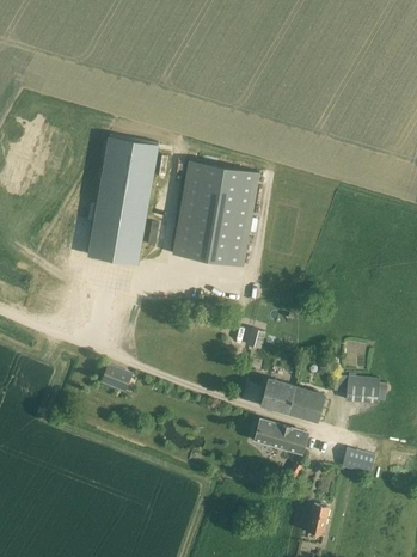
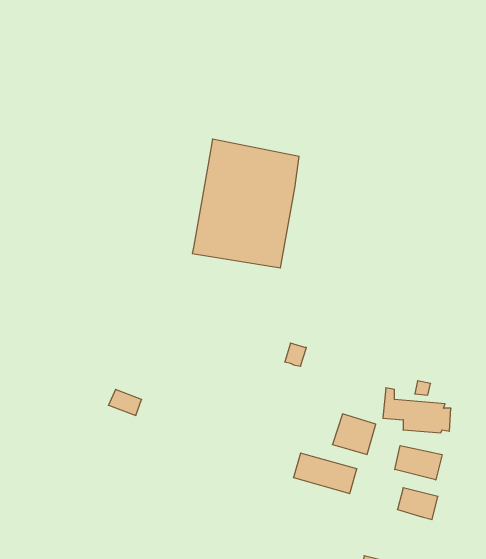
building: [88,136,157,264] -> none
building: [262,380,295,412] -> none
building: none -> [395,446,442,480]

